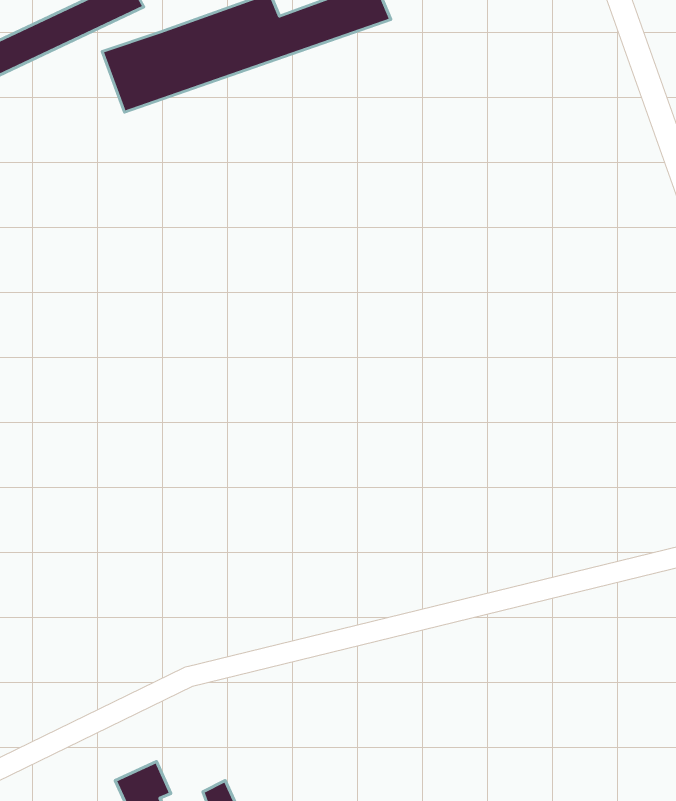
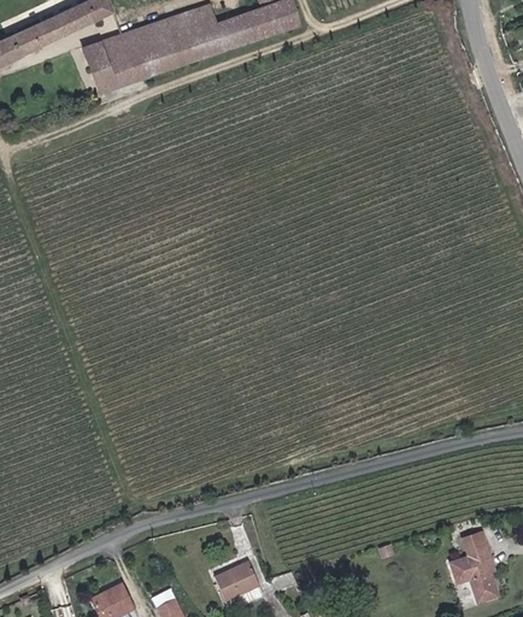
building: none -> [449,542,498,601]
building: none -> [213,562,258,599]

